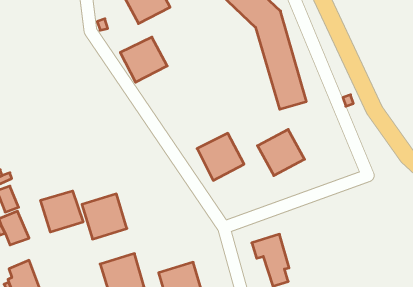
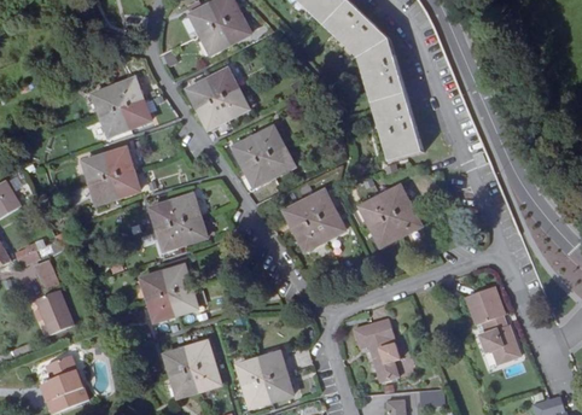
building: none -> [92,78,149,134]
building: none -> [233,127,293,187]
building: none -> [86,148,140,203]
building: none -> [150,194,205,249]
building: [41,191,83,232] -> none
building: none -> [466,286,520,364]

